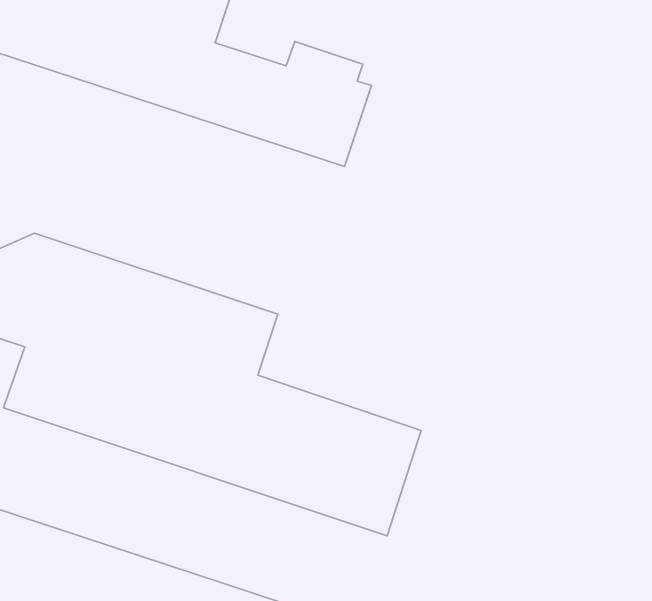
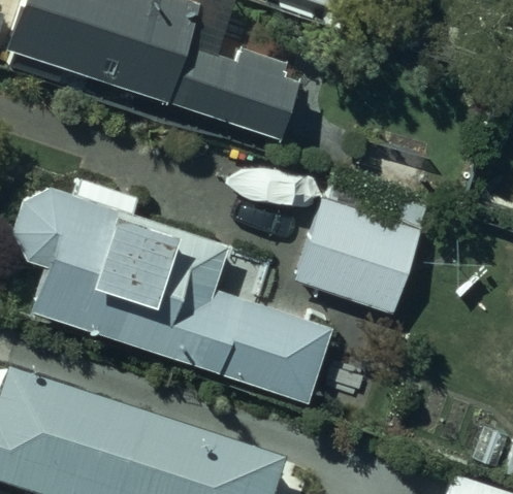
building: none -> [295,199,422,316]

